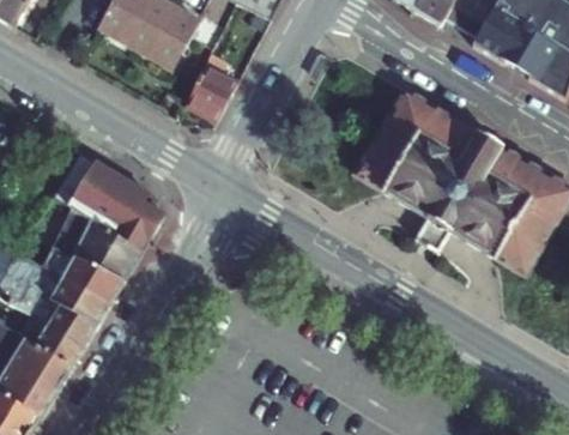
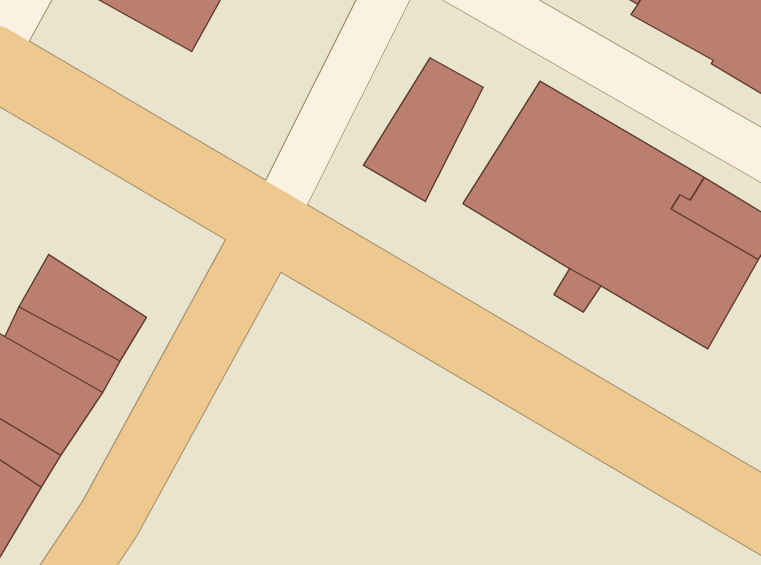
building: [187,53,237,119] -> none
building: none -> [363,58,483,202]
building: [53,150,164,250] -> none

